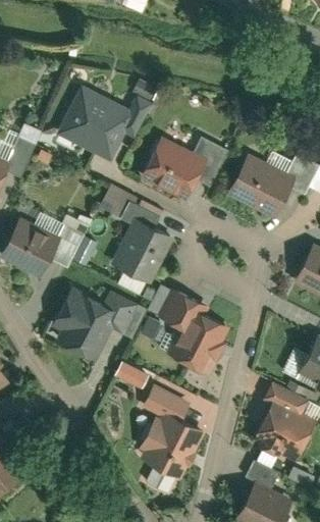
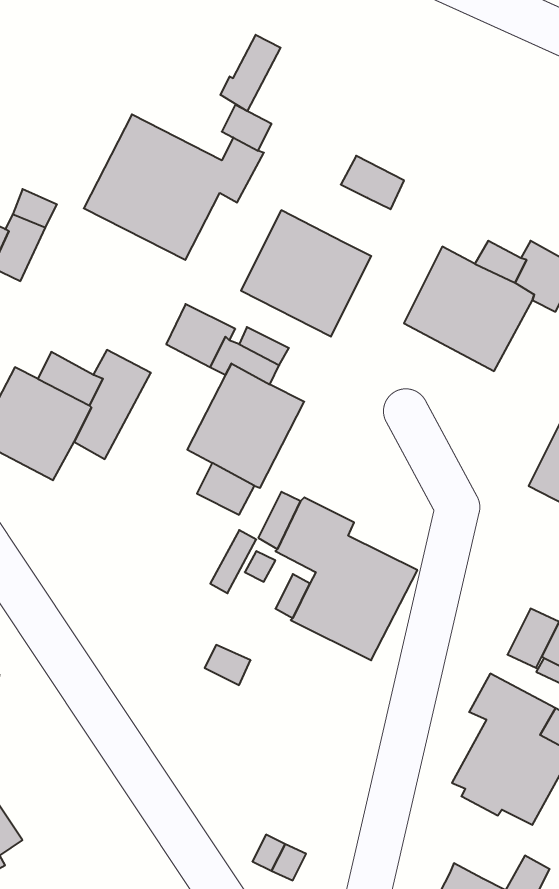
building: none -> [220,35,281,111]
building: [195,137,228,165] -> [341,156,404,209]
building: [50,289,137,361] -> none
building: [131,378,206,473] -> none
building: [242,460,277,490] -> none

